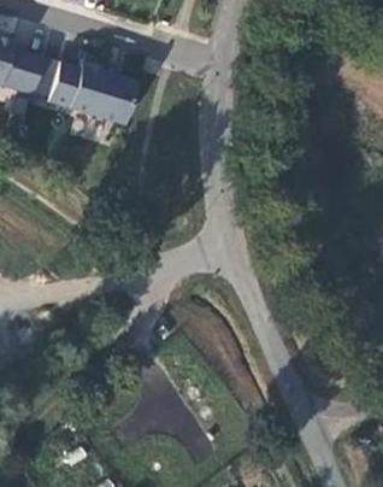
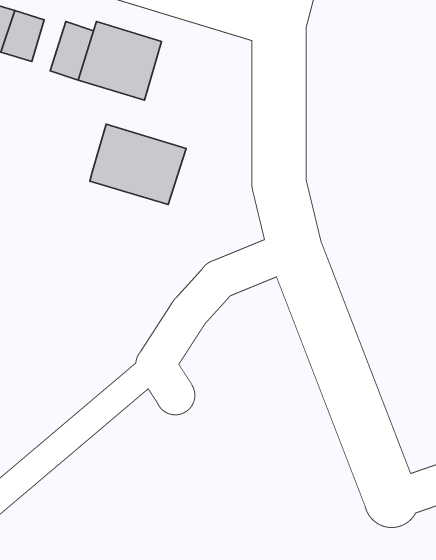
building: none -> [90,124,186,205]

